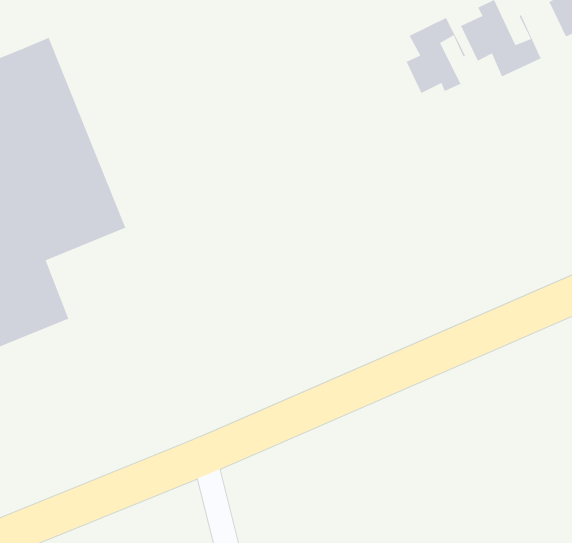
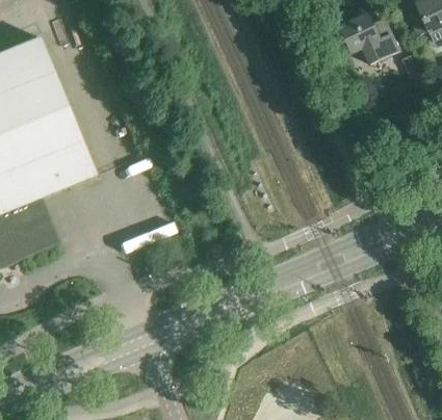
building: [406,17,466,94] -> none

